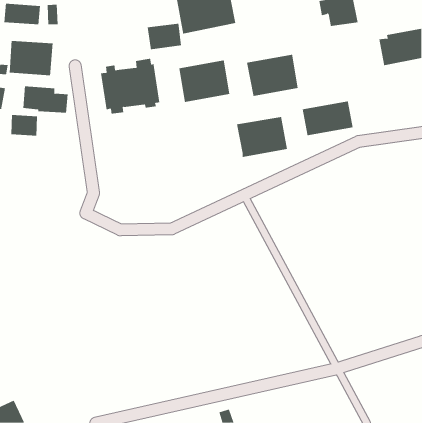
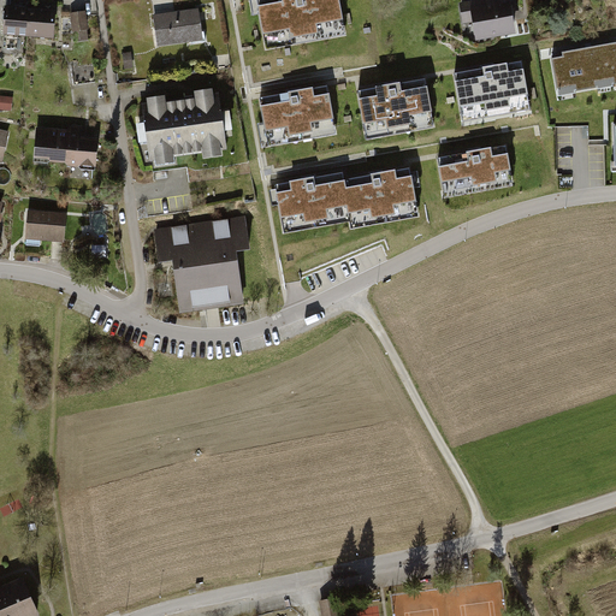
building: [147,23,182,50] -> [152,5,202,43]
building: [9,40,53,76] -> none
building: none -> [449,61,526,123]
building: [10,115,38,136] -> [26,208,66,239]
building: none -> [272,173,349,233]
building: none -> [153,213,250,313]

